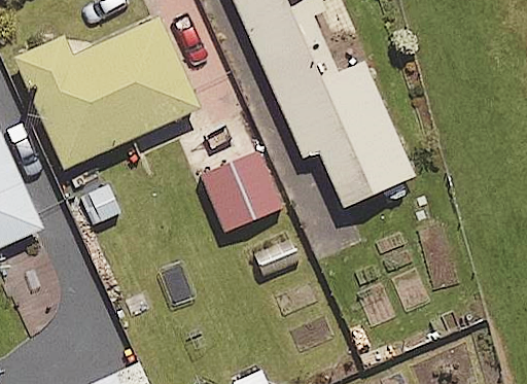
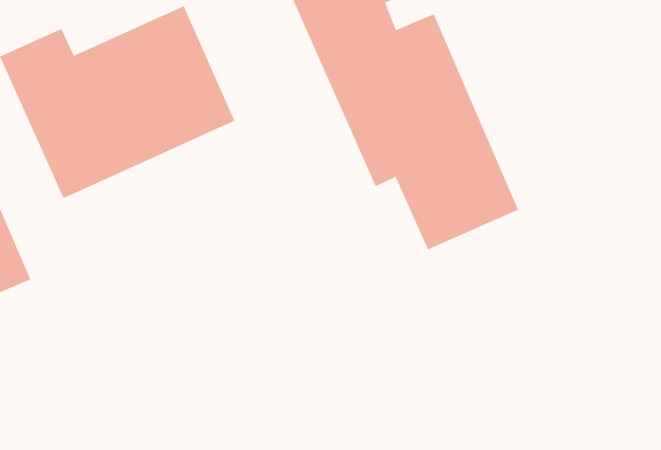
building: [205,153,284,229] -> none

